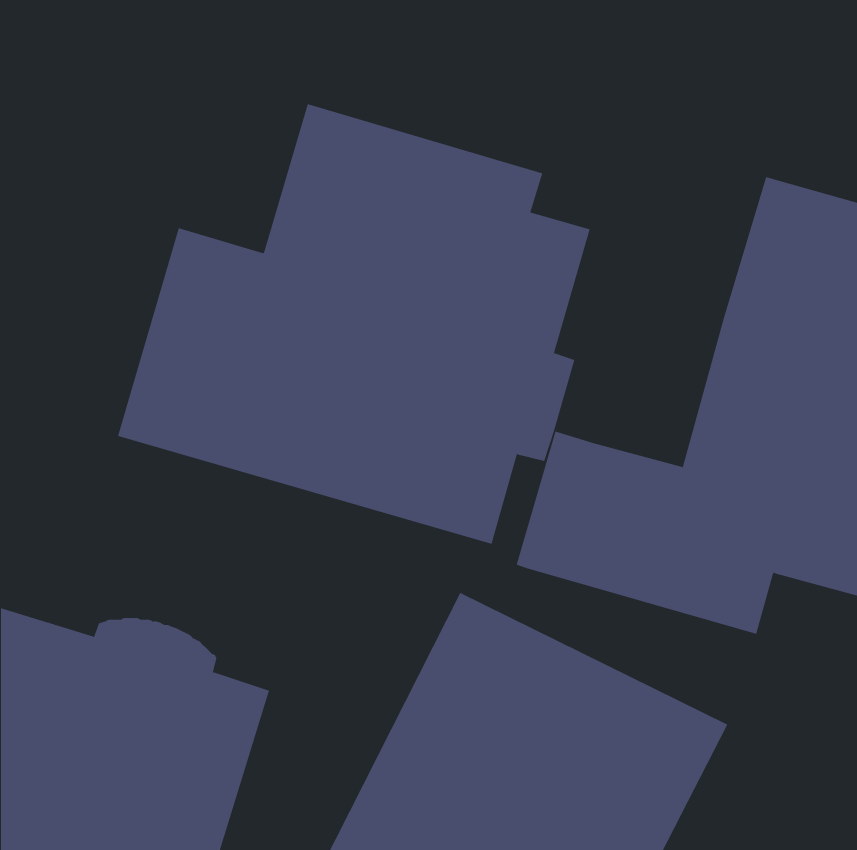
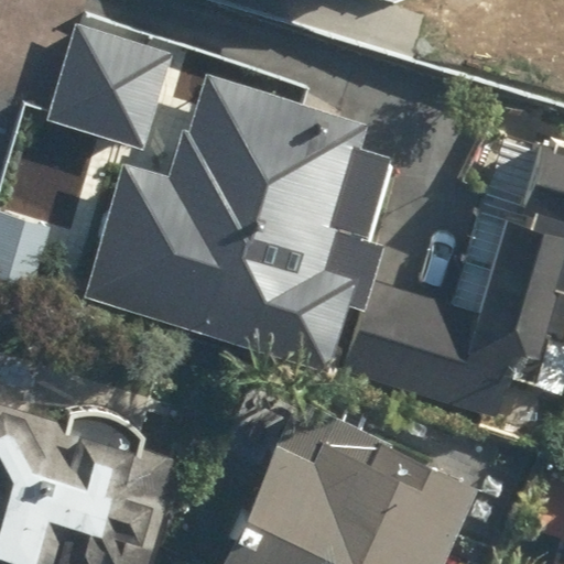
building: none -> [47,28,175,156]

